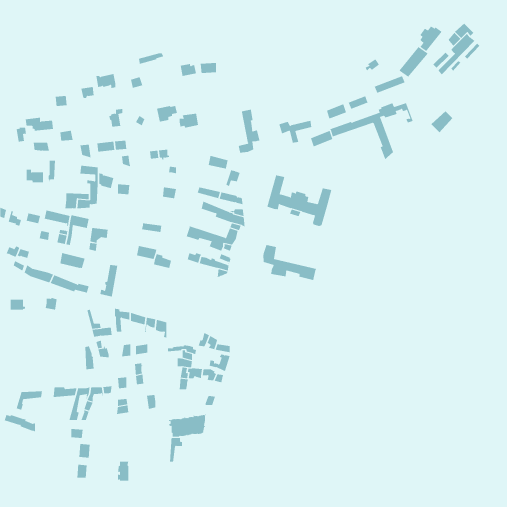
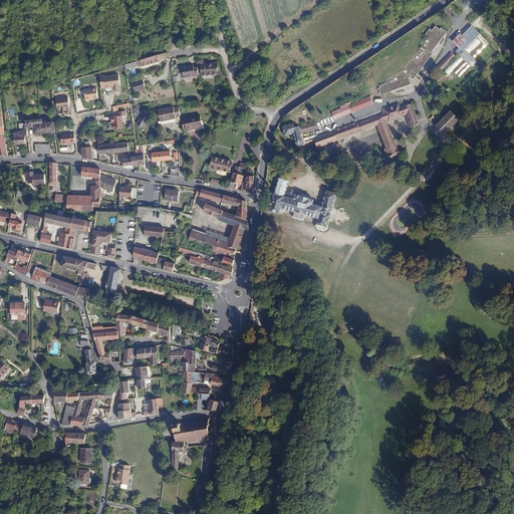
building: [238,109,260,153] -> none
building: [263,244,317,281] -> none

